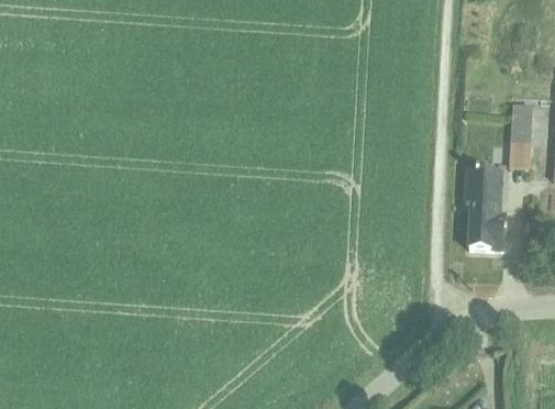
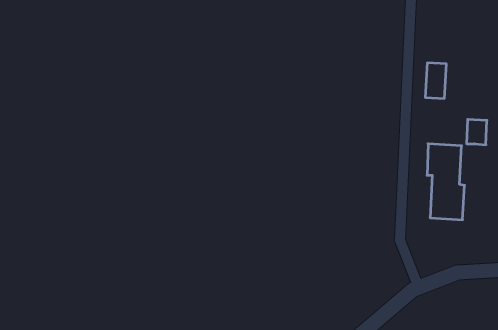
building: [510,103,533,142] -> [425,63,446,98]

